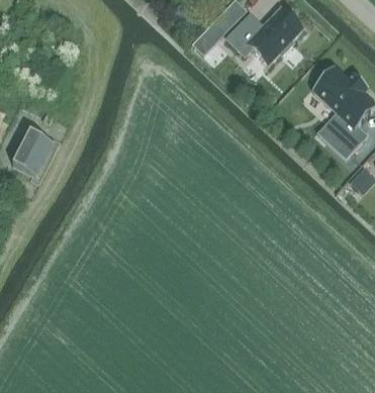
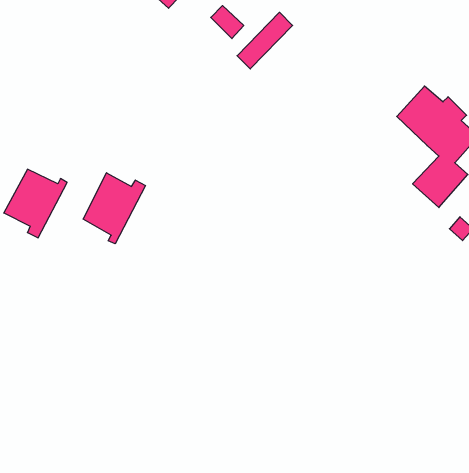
building: [223,6,302,65] -> none
building: none -> [83,173,145,244]

